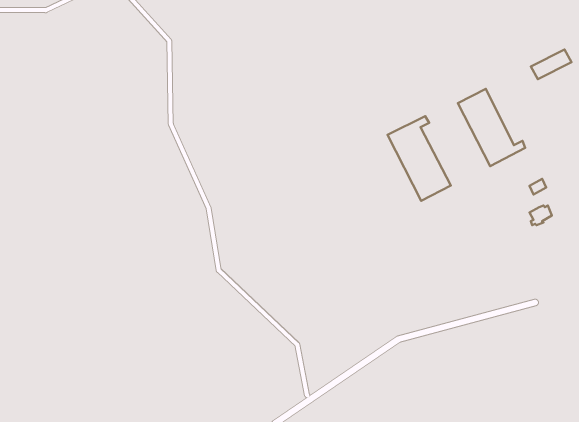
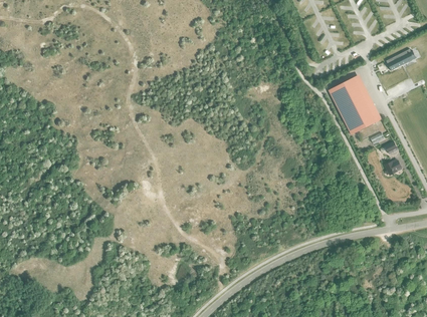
building: [387,116,451,201] -> none

